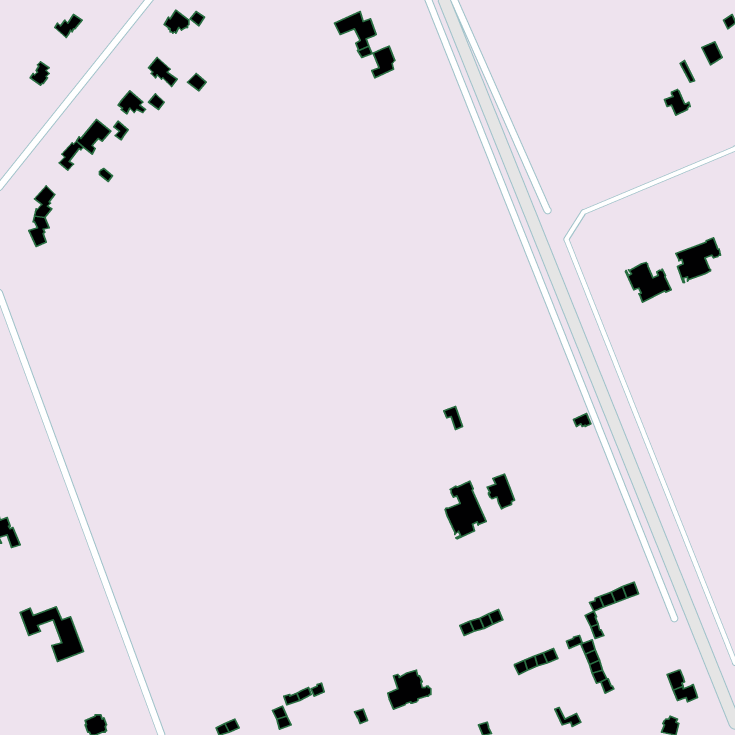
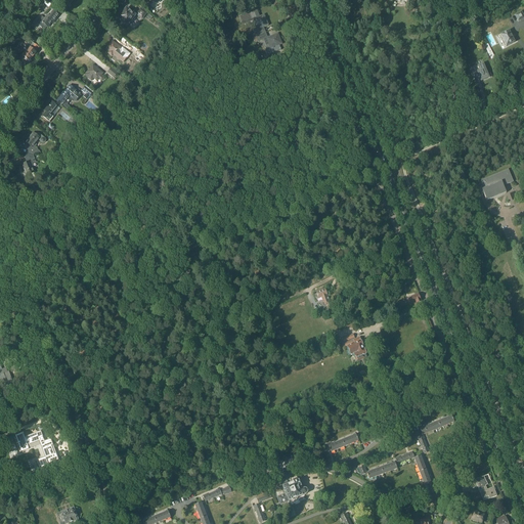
building: [625,262,671,302] -> none
building: [445,481,486,539] -> none

